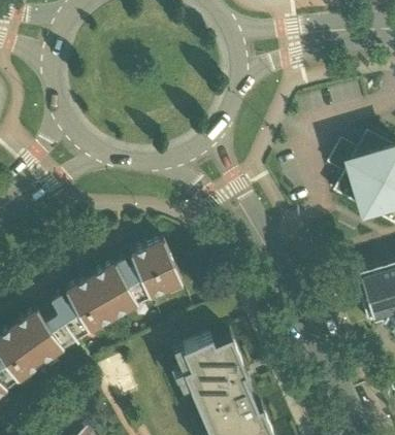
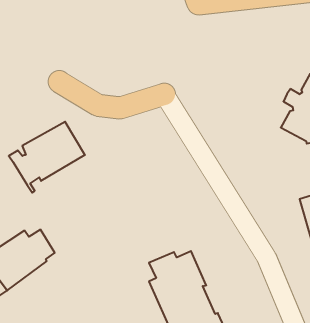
building: [133,237,184,295] -> none
building: [50,262,137,343] -> [9,122,85,193]

